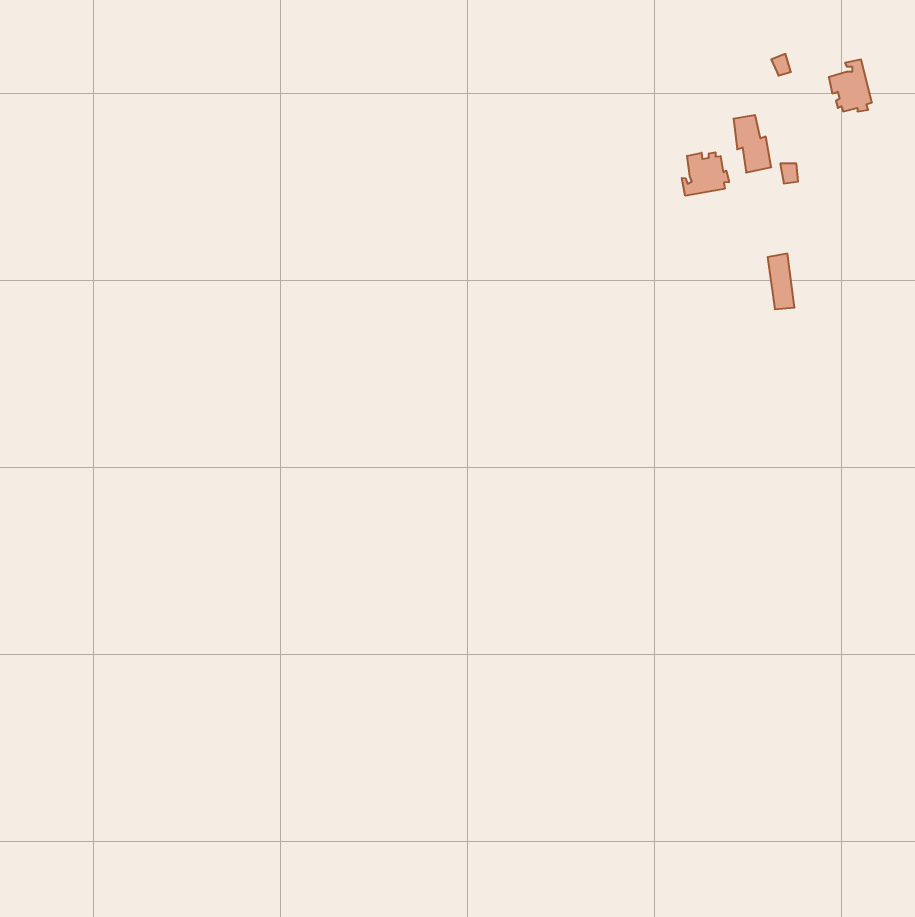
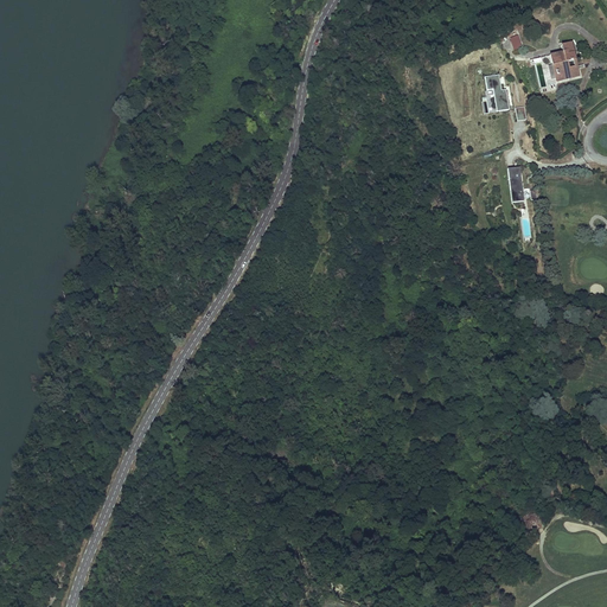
building: [682,152,729,196] -> none

